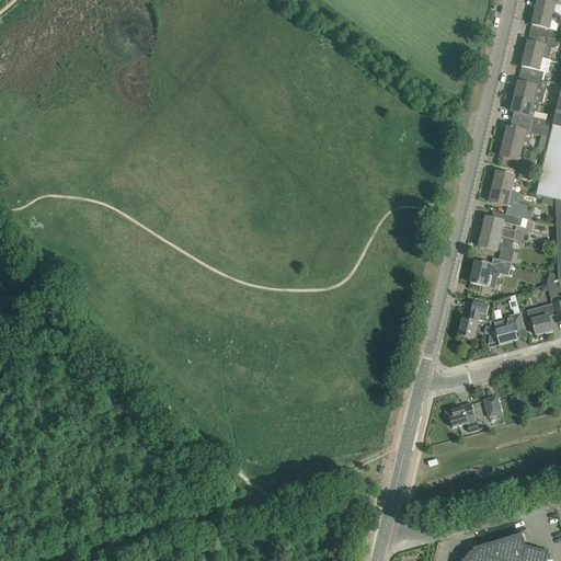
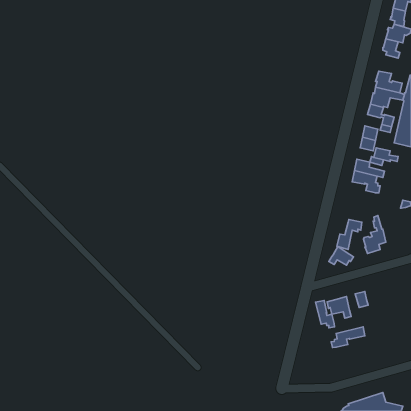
building: [514,75,553,100] -> none
building: [469,259,510,286] -> none
building: [525,302,553,334] -> none
building: none -> [329,247,353,265]
building: none -> [316,300,334,328]
building: none -> [331,327,365,348]

